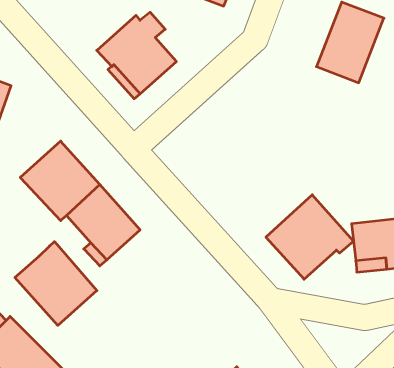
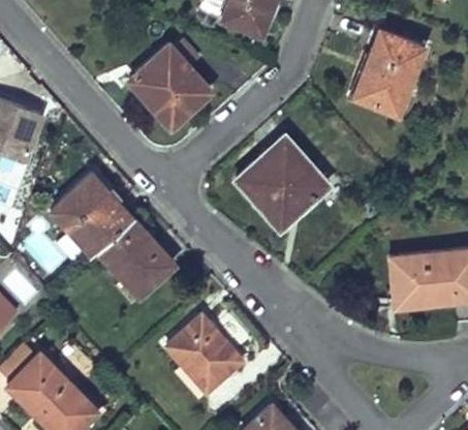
building: [266,195,354,279] -> [238,137,327,224]
building: [15,242,97,325] -> none
building: none -> [167,316,242,392]

